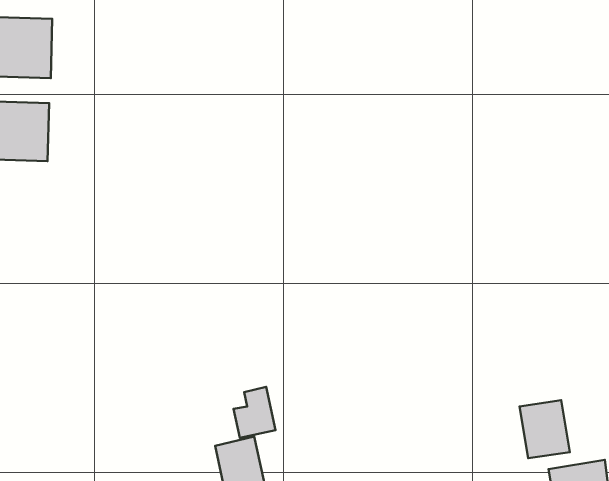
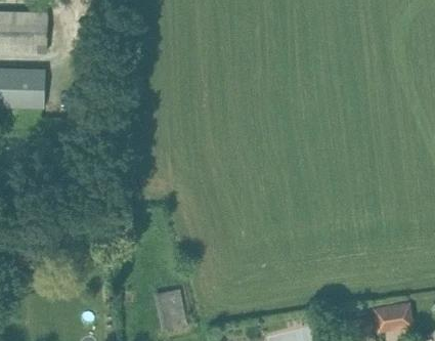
building: [234,387,275,438] -> none
building: [519,400,570,458] -> none

